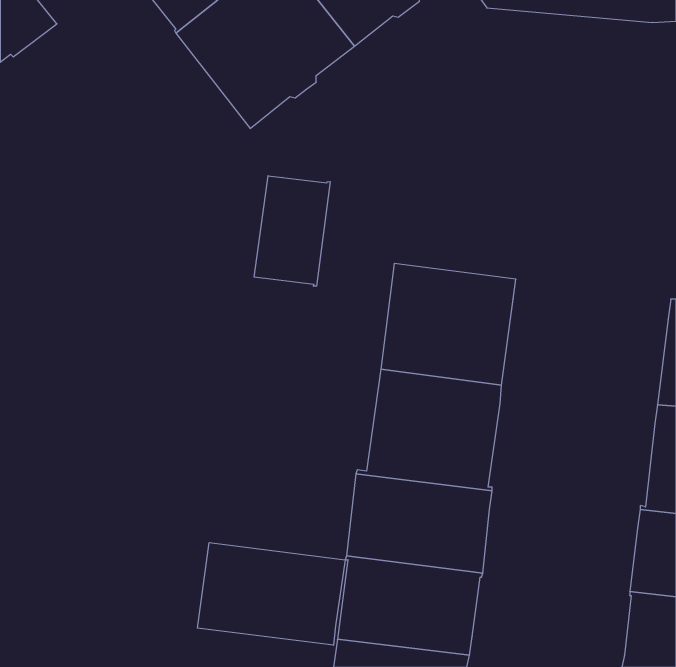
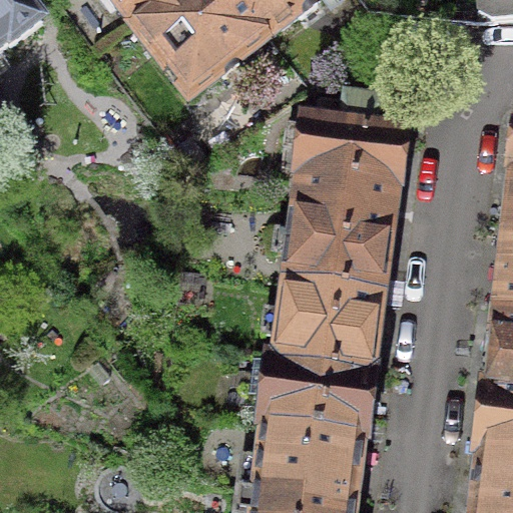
building: none -> [298,97,404,211]
building: [254,176,330,286] -> none
building: [197,543,345,645] -> none

